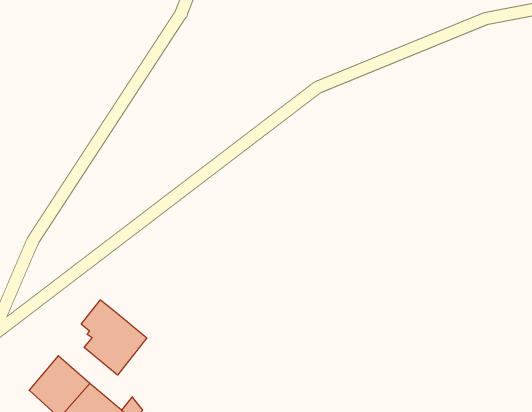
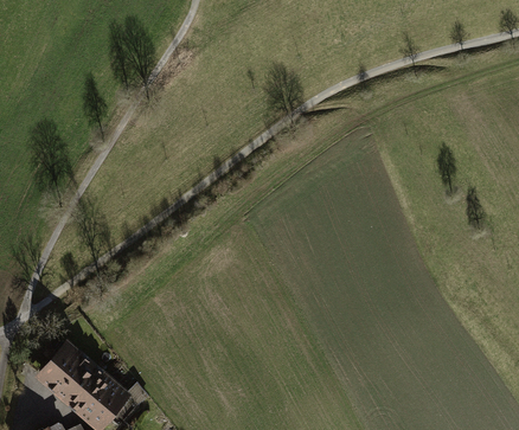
building: [81,300,147,375] -> none

